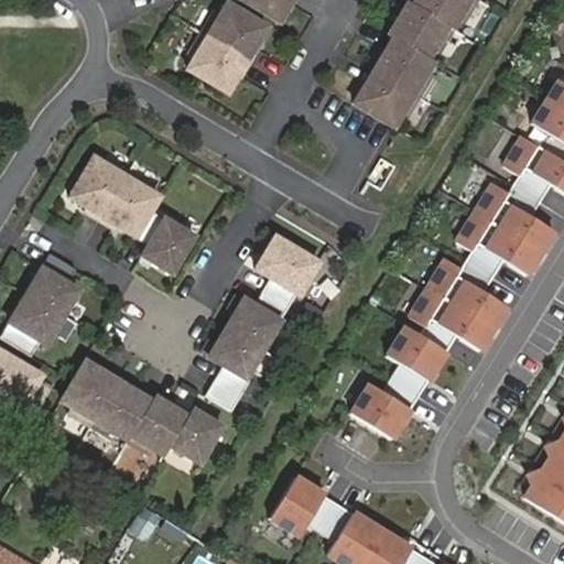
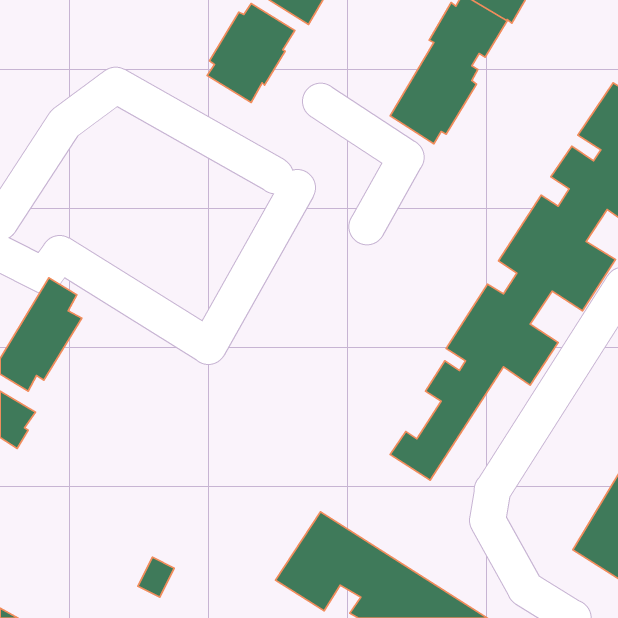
building: [70,156,195,273] -> none
building: [206,237,319,411] -> none
building: [59,359,220,463] -> none

